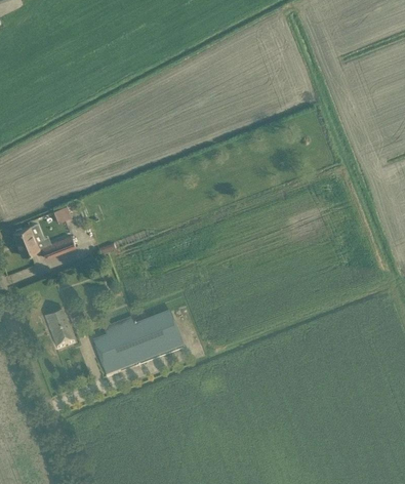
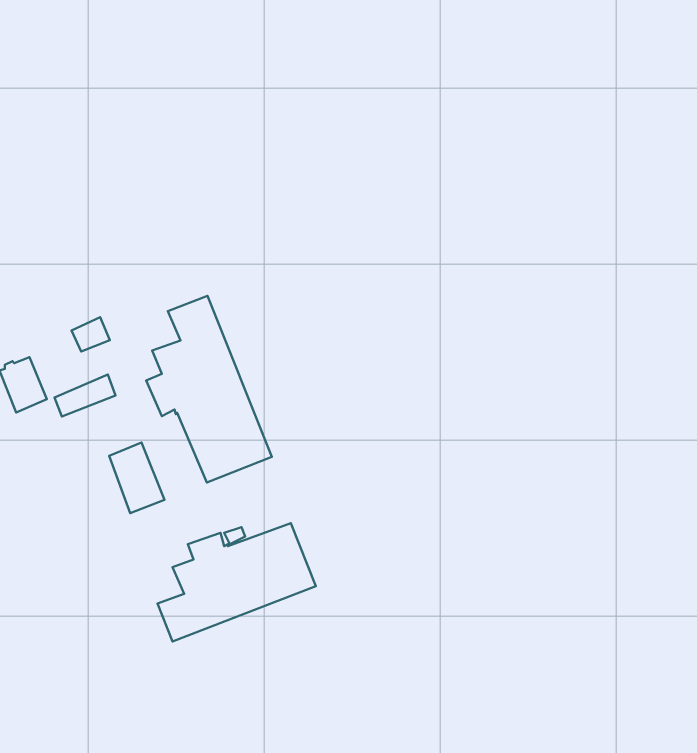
building: none -> [146,296,272,483]
building: [45,310,75,348] -> [109,443,165,513]

